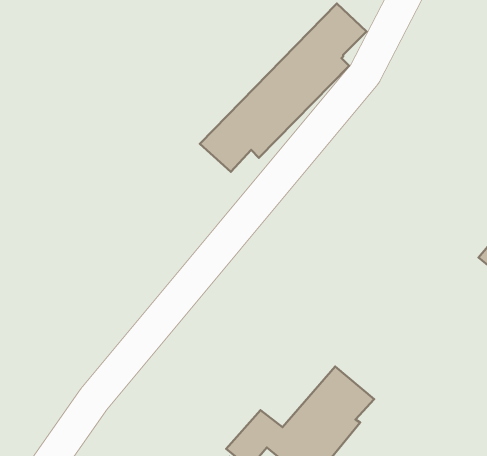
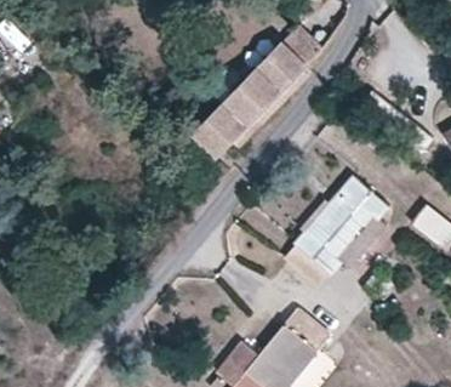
building: none -> [284,175,388,286]

